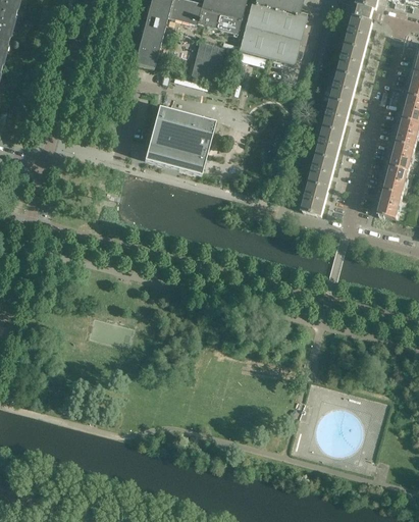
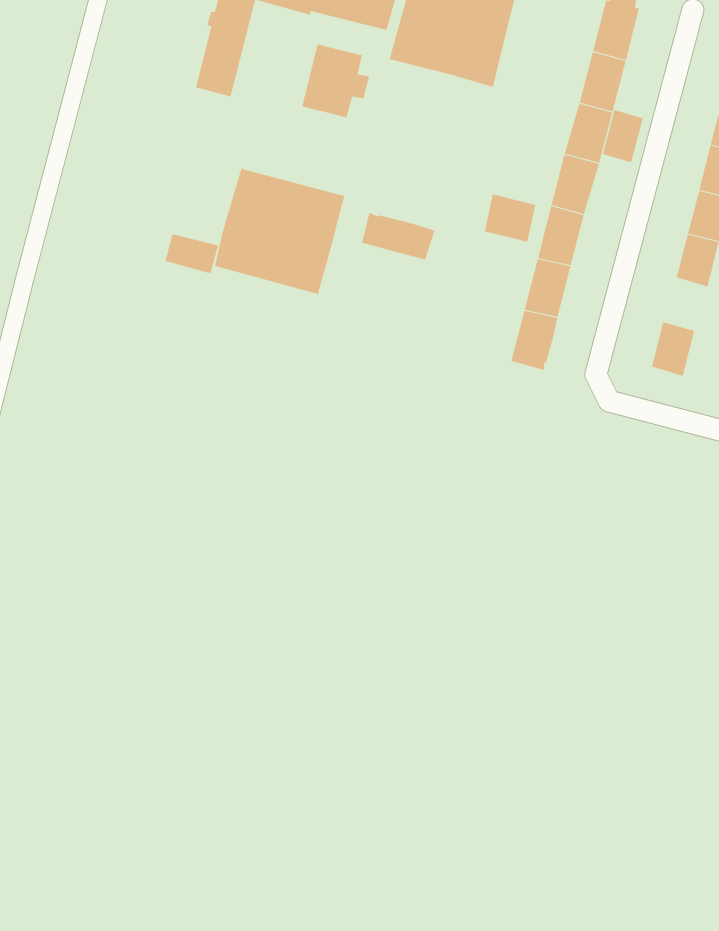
building: none -> [602,109,643,163]
building: none -> [484,194,536,243]
building: none -> [361,212,435,261]
building: none -> [165,233,219,274]
building: [384,164,409,193] -> none

